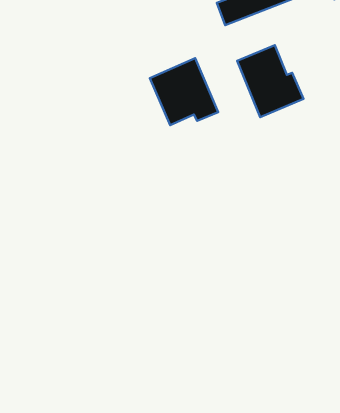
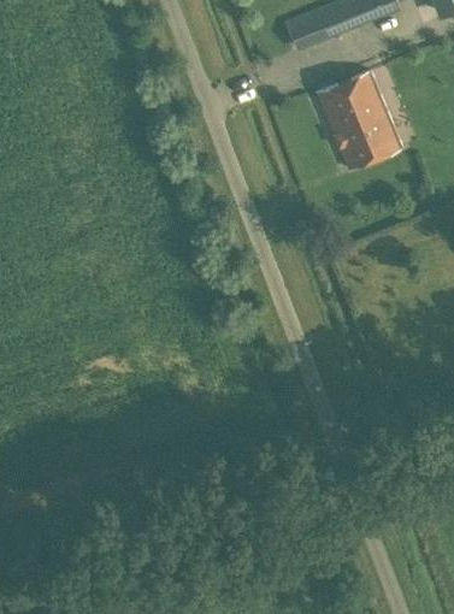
building: [150,58,218,125] -> none

